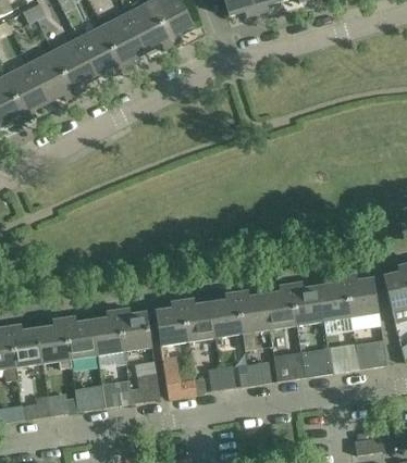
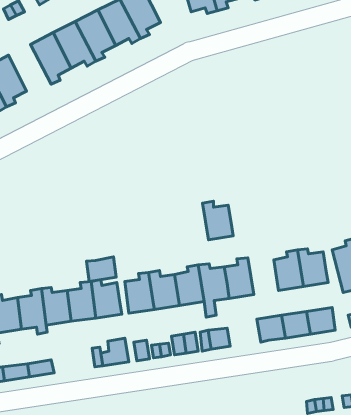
building: [28,50,75,101] -> none
building: [291,281,324,324] -> [202,201,233,240]
building: none -> [87,257,116,281]
building: [273,351,305,380] -> none
building: [74,385,106,410] -> none

